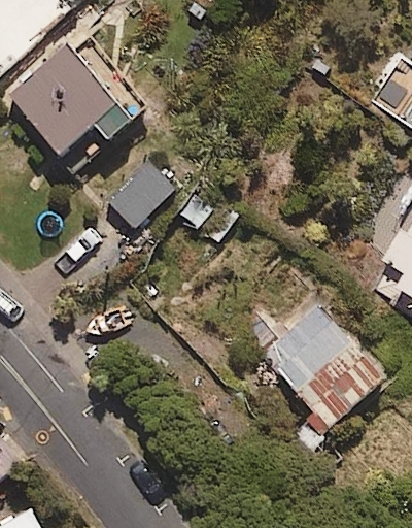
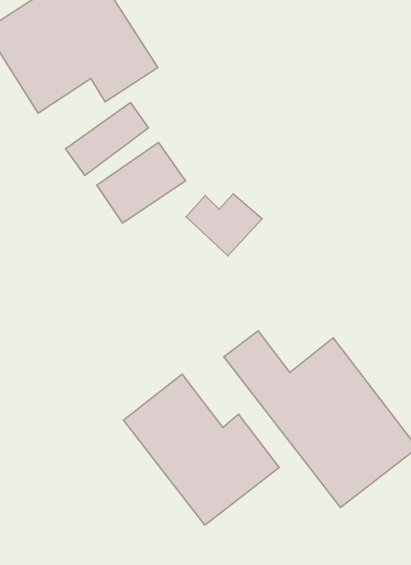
building: none -> [124,374,279,525]

